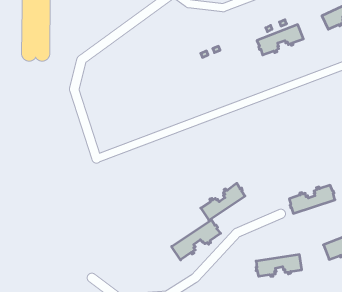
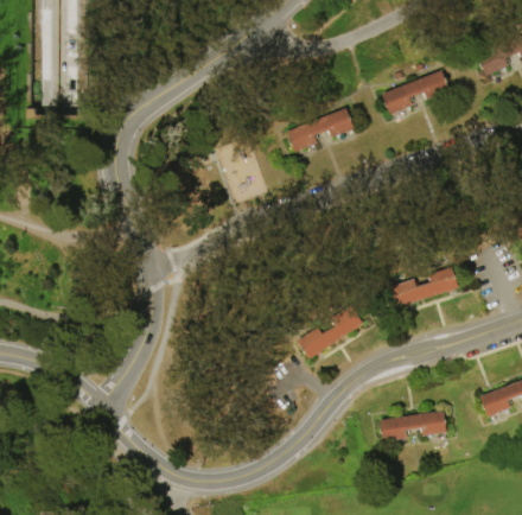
building: none -> [287,107,356,152]
building: [289,185,335,213] -> [393,266,460,307]
building: [172,220,221,260] -> none

